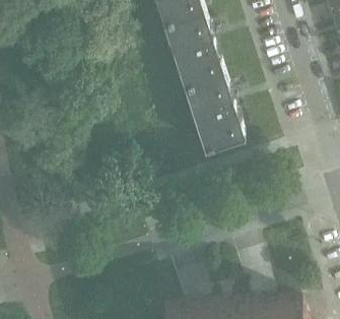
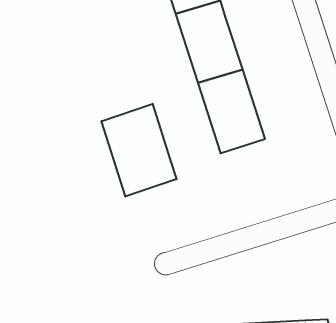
building: none -> [101,104,177,197]

